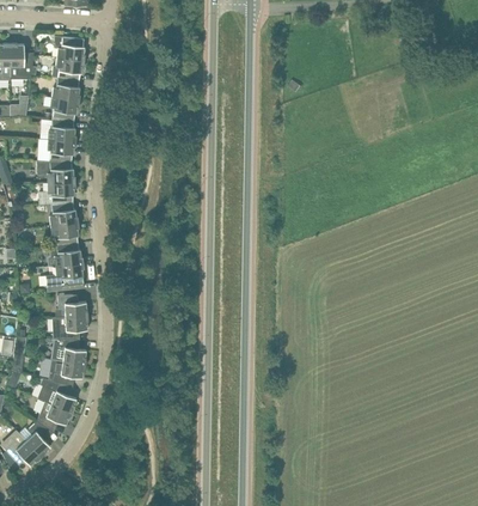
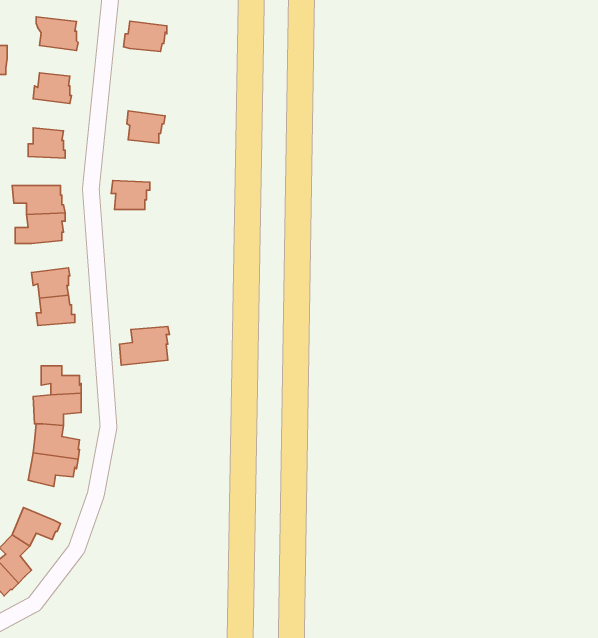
building: [51,56,84,79] -> [123,21,167,52]
building: [50,96,79,120] -> [127,111,165,143]
building: [47,139,75,160] -> [111,180,150,209]
building: [49,201,78,225] -> none
building: [47,262,84,291] -> [120,326,169,365]
building: [39,380,76,411] -> none

